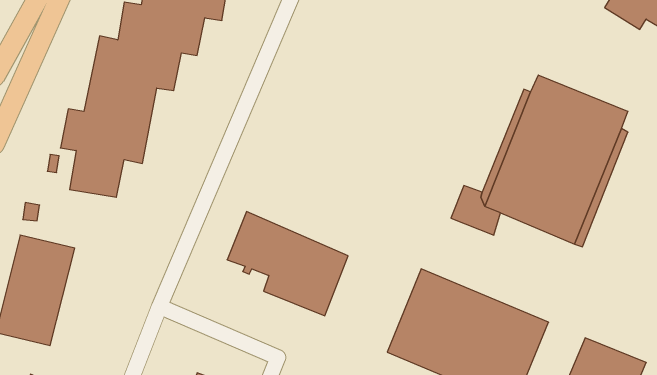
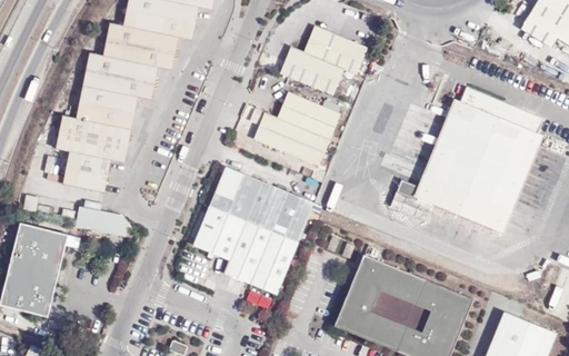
building: none -> [282,28,368,95]
building: none -> [256,89,342,162]
building: none -> [213,165,317,241]
building: none -> [73,205,129,237]

